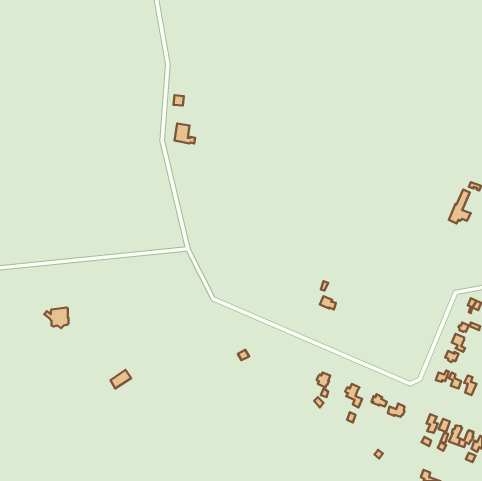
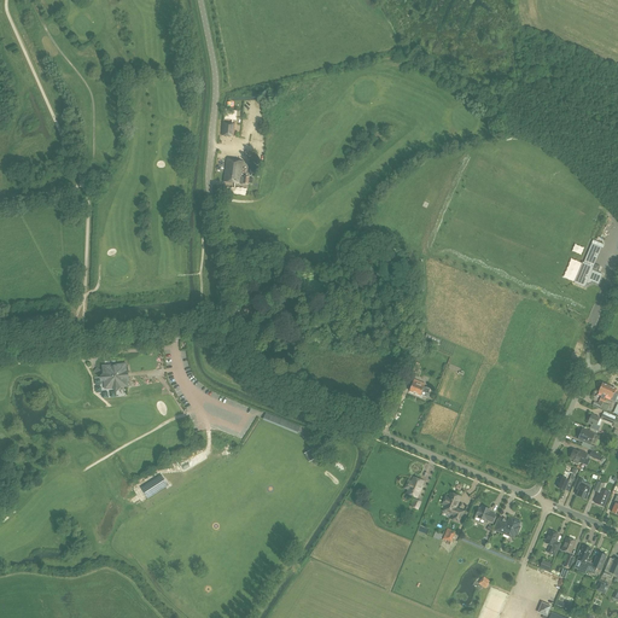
building: [44,308,69,328] -> [95,363,127,390]

